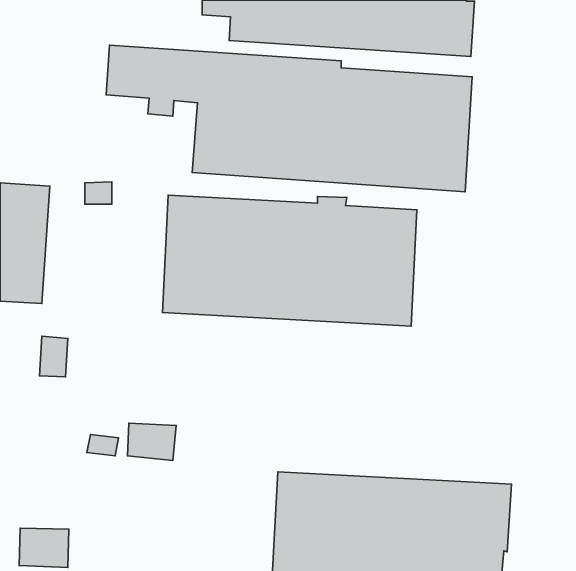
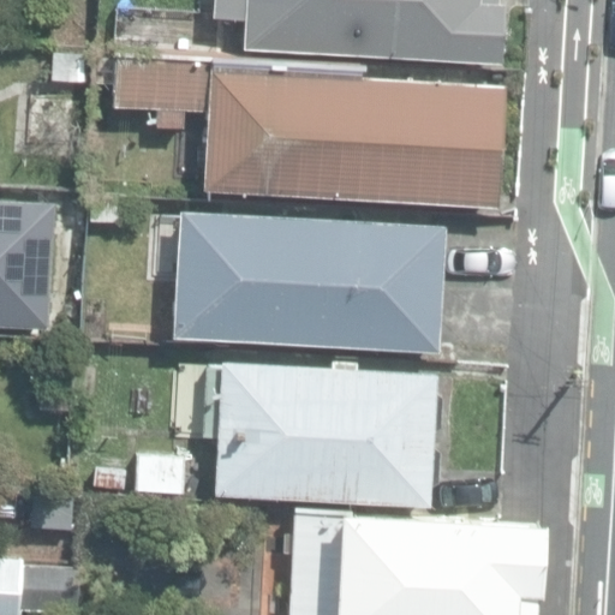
building: none -> [203,364,436,507]

